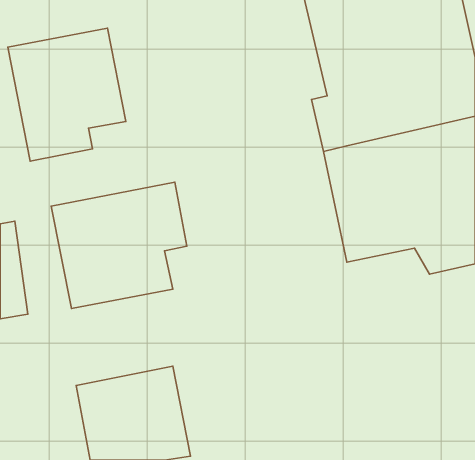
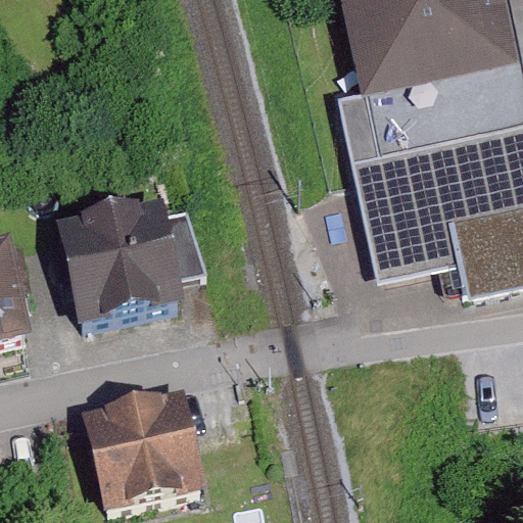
building: [8,28,126,161] -> none

